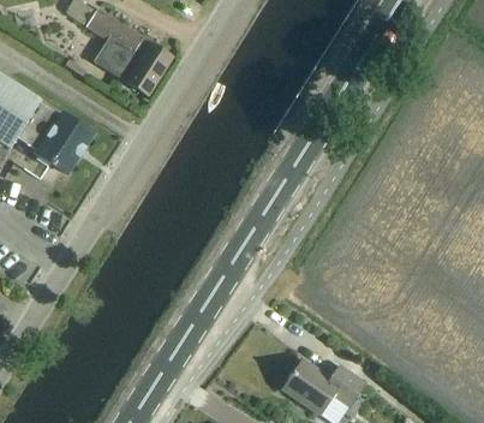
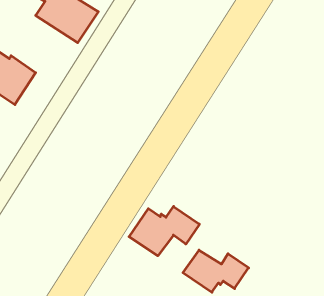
building: none -> [129,206,199,256]

